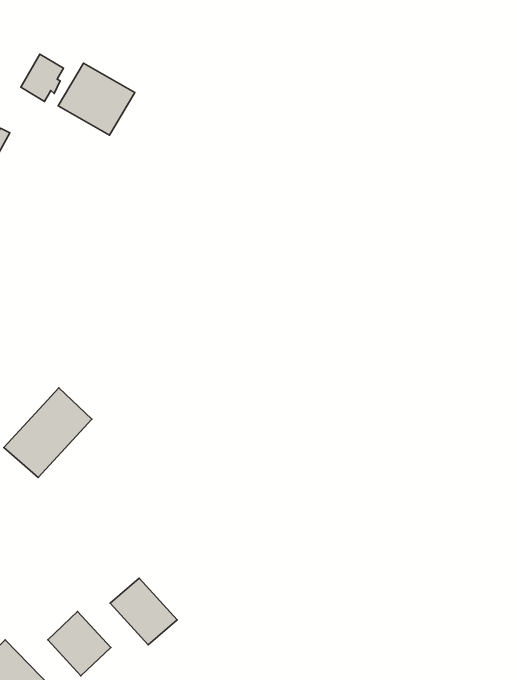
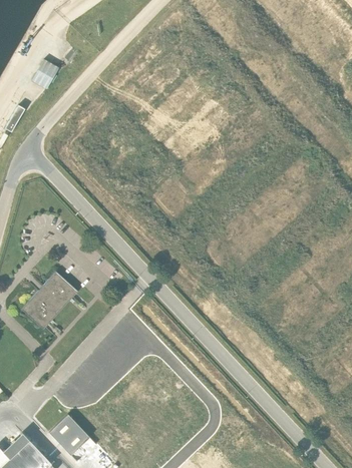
building: [58,63,135,135] -> none
building: [110,578,177,645] -> none

